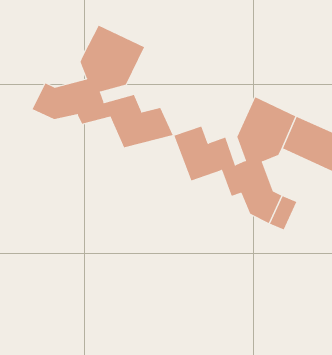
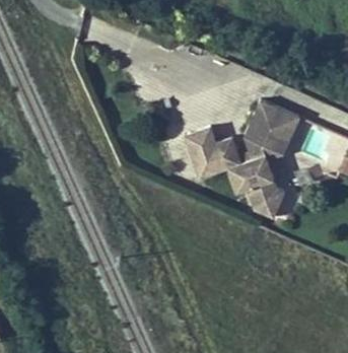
building: [32,25,174,148] -> none

